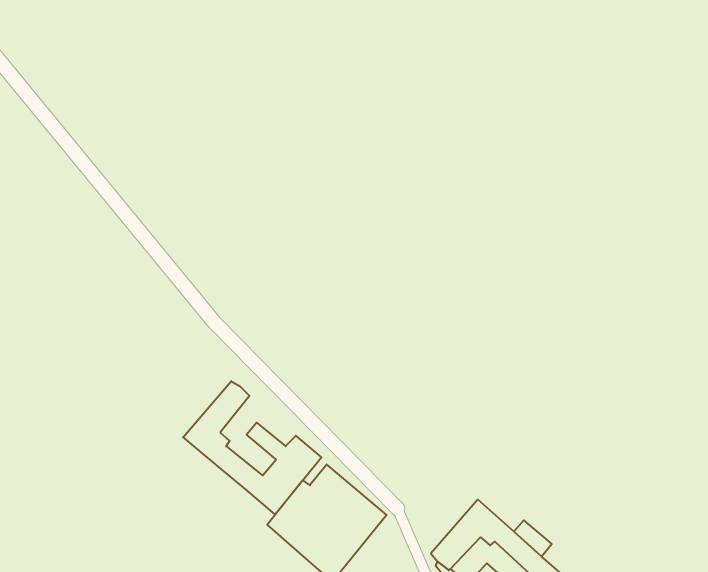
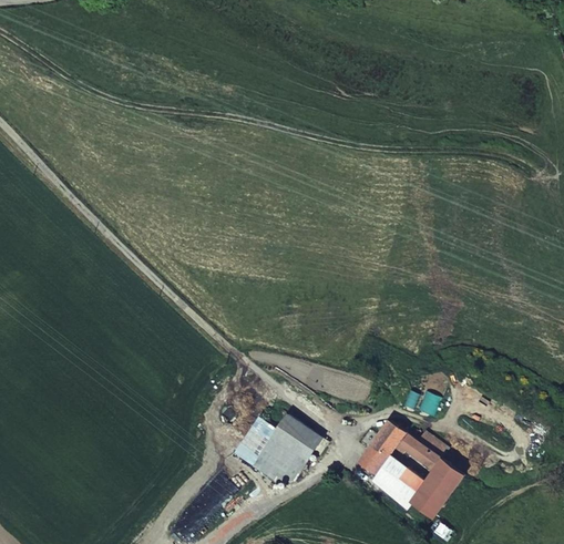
building: [183,381,321,514] -> none

